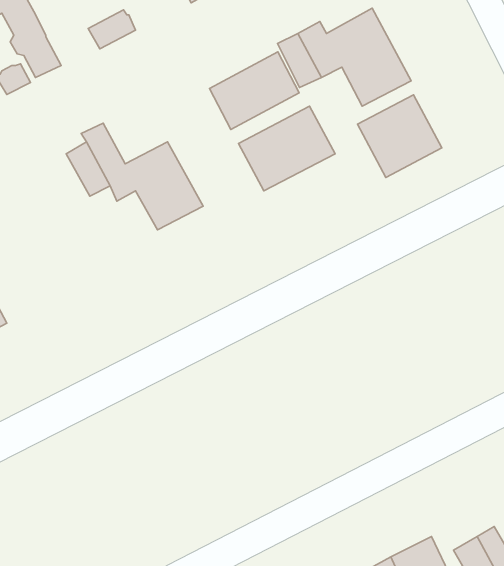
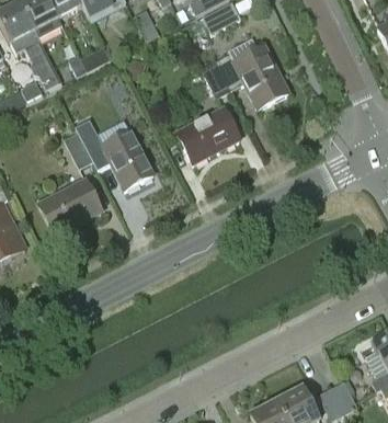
building: [209,52,299,129] -> none
building: [358,95,442,177] -> none
building: none -> [39,178,102,232]

